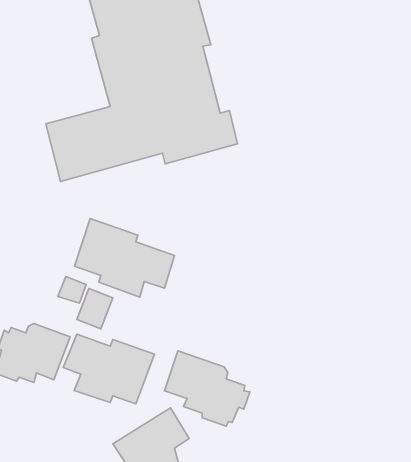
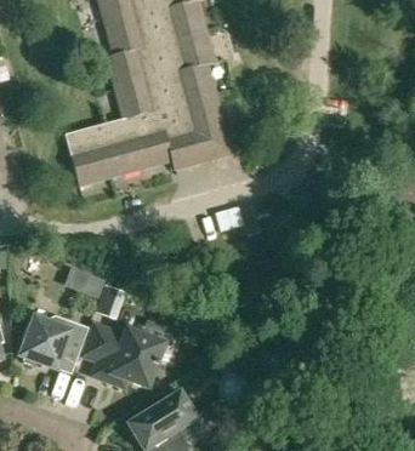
building: [75,218,174,297] -> none
building: [165,351,250,426] -> none

